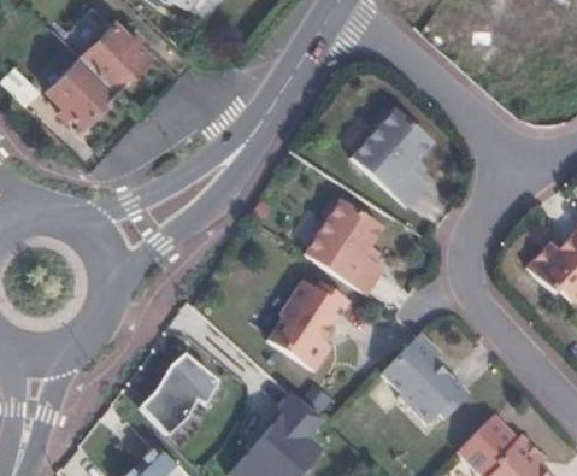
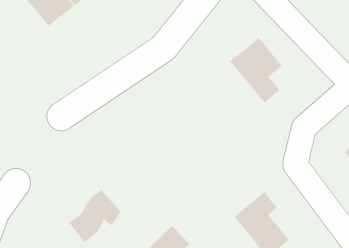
building: [305,200,387,290] -> none
building: [265,278,348,364] -> none

